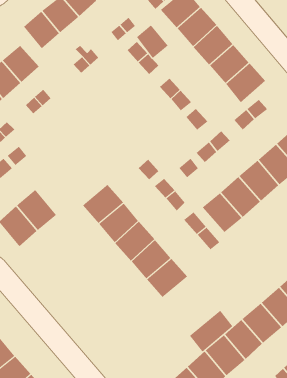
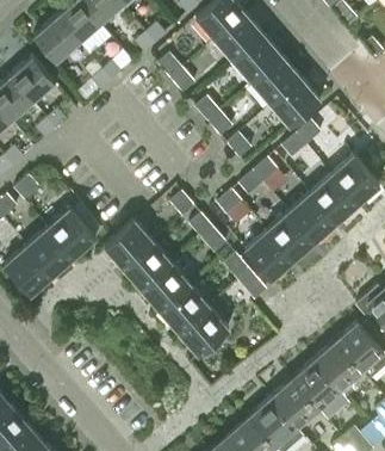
building: [136,24,168,59] -> none
building: none -> [50,208,97,257]
building: [189,310,233,352] -> none

